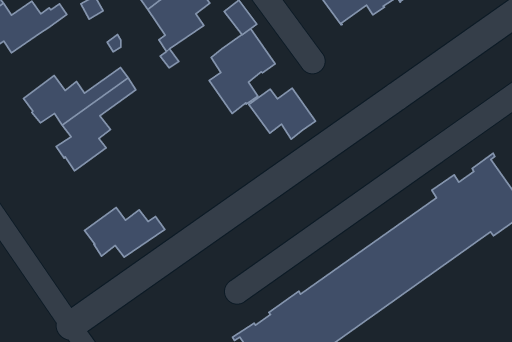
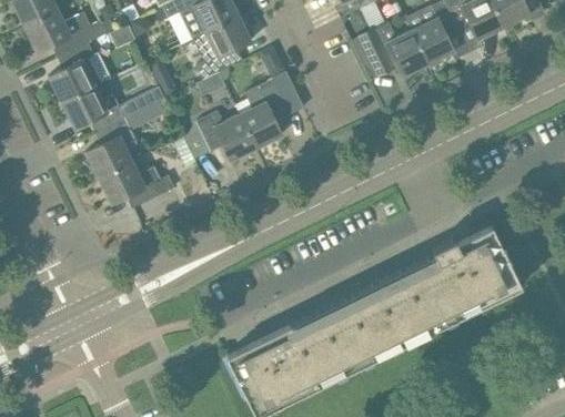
building: none -> [50,44,111,103]
building: [249,88,315,139] -> [196,112,256,162]
building: [84,208,165,257] -> [100,162,175,210]

